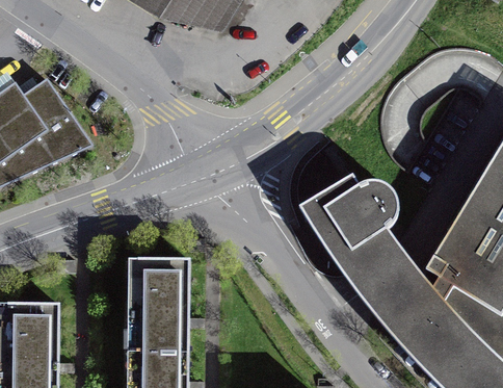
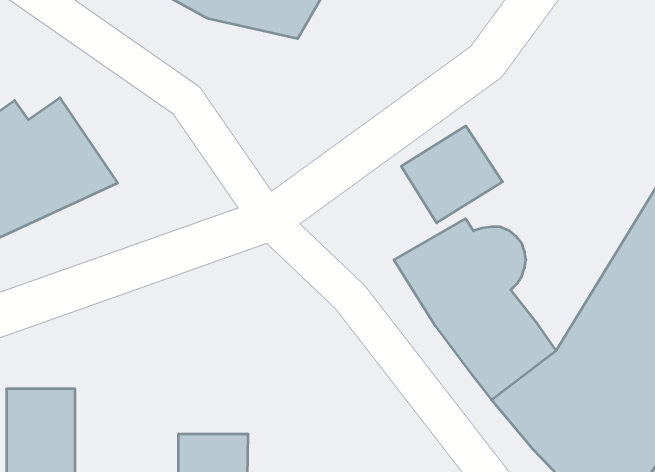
building: none -> [401,126,503,223]
building: [136,256,189,336] -> none

